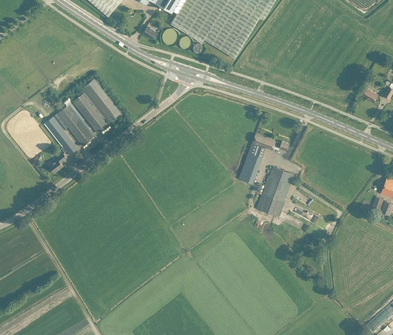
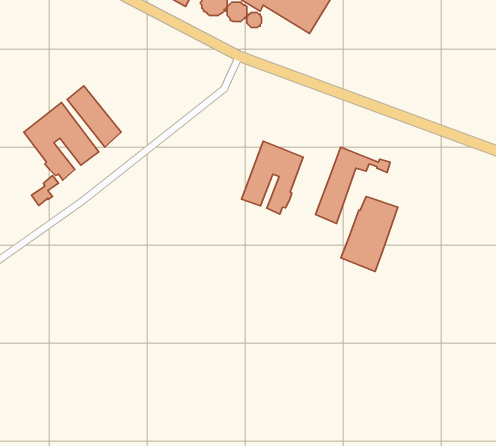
building: [81,78,122,124] -> none
building: none -> [242,141,303,214]

